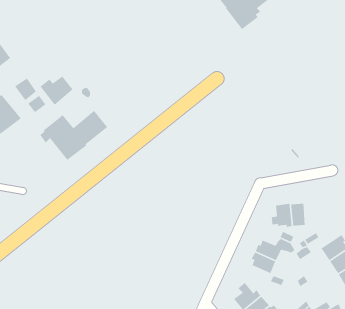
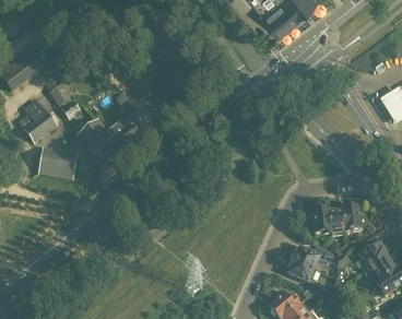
building: [40,75,74,106] -> none
building: none -> [40,149,78,177]
building: none -> [343,206,367,233]

